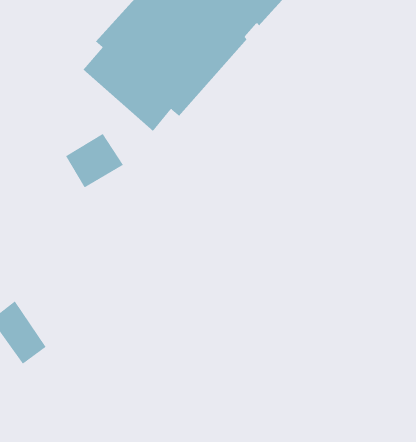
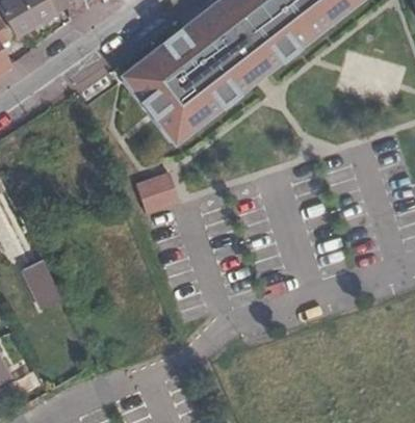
building: [65,133,124,188] -> [137,179,181,218]

